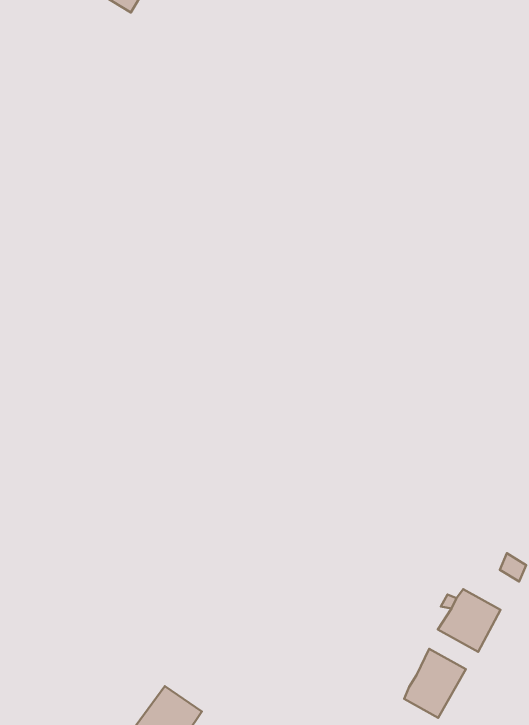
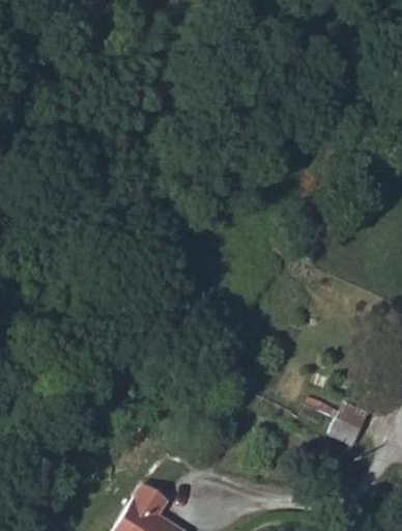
building: [404,649,466,718] -> none

